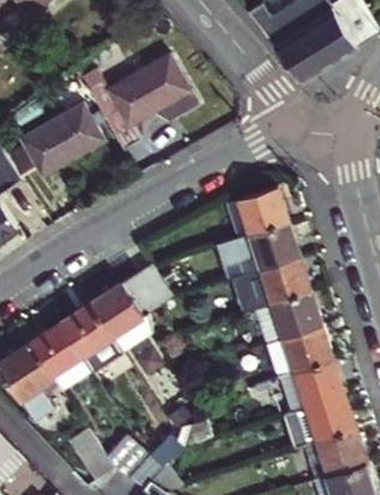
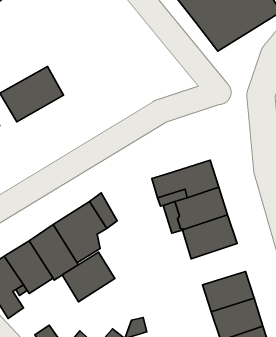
building: [101,54,197,147] -> none
building: [223,188,288,238] -> none
building: [264,326,333,379] -> none
building: none -> [62,252,115,302]

